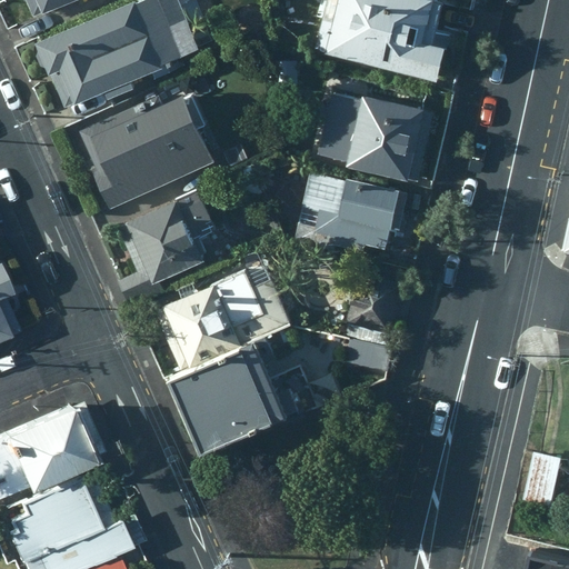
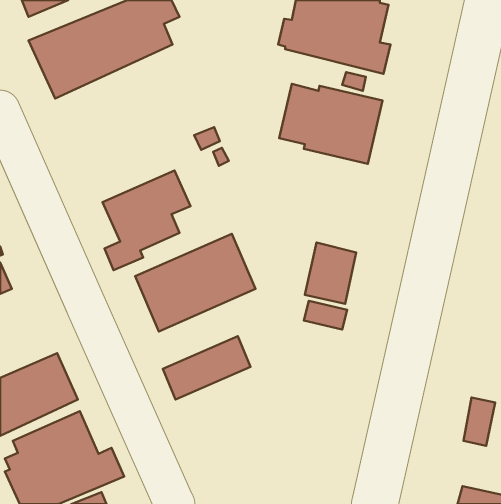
building: [79,94,214,211] -> none
building: [296,171,401,252] -> none
building: [172,343,271,416] -> none

